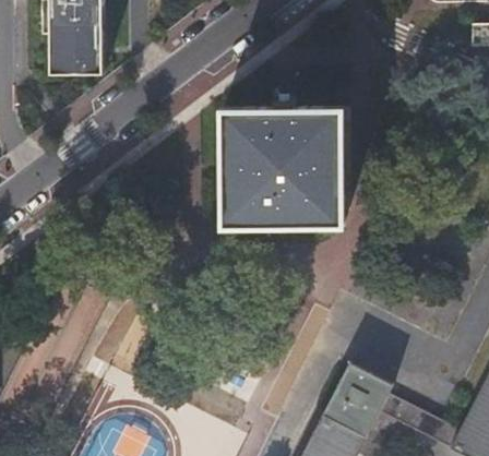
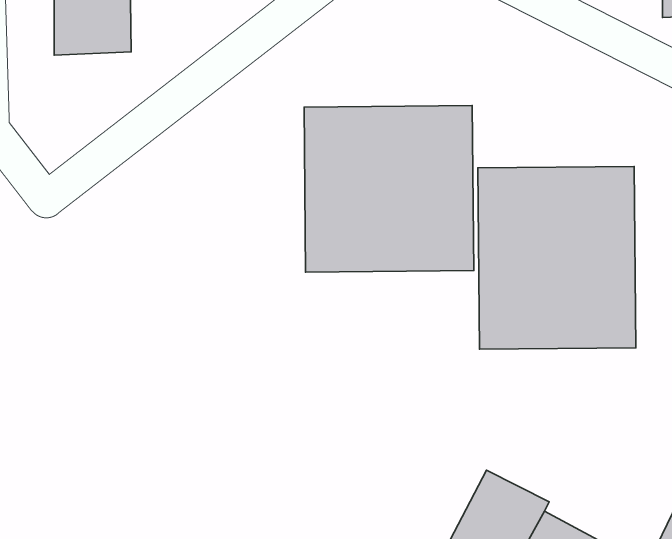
building: none -> [478,166,636,349]

